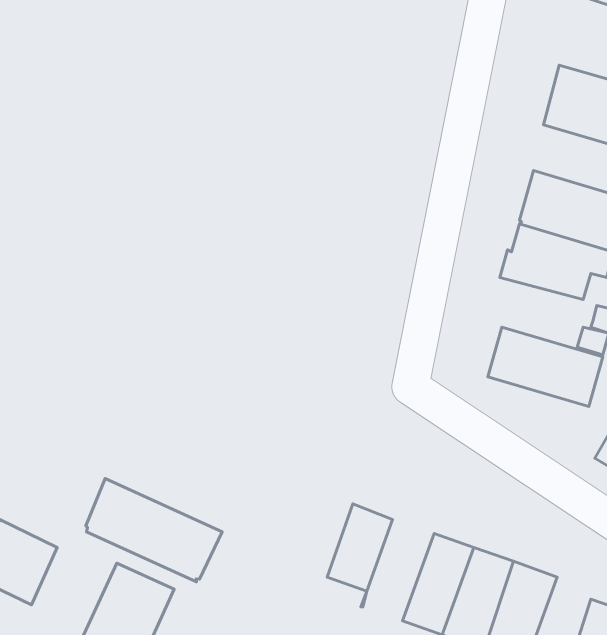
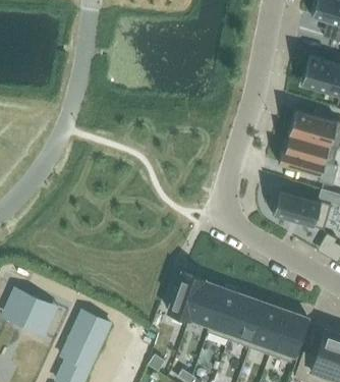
building: [86,479,222,582] -> none
building: none -> [167,272,203,319]
building: none -> [208,288,244,340]

